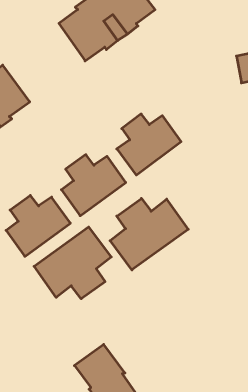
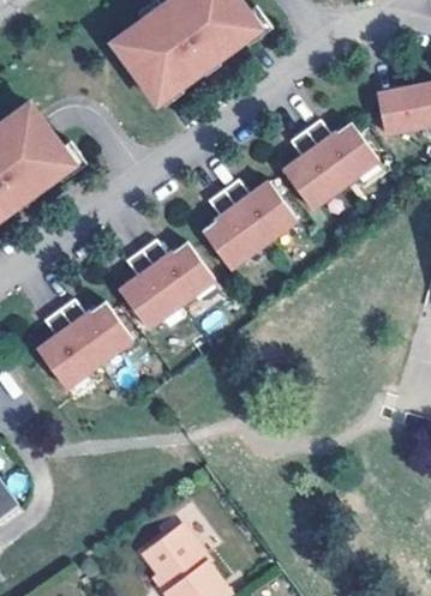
building: none -> [283,119,378,209]
building: [110,198,188,270] -> none
building: [34,227,111,299] -> none

